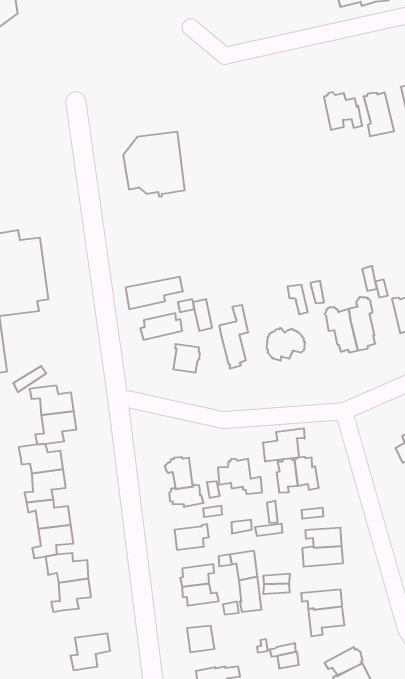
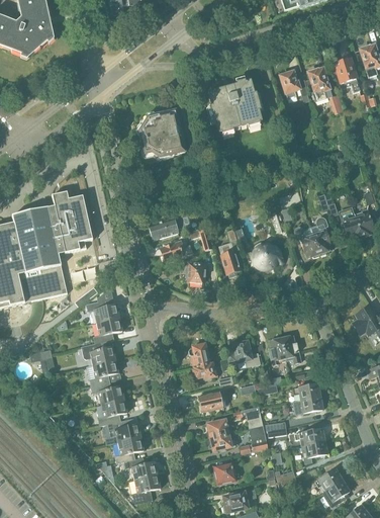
building: none -> [208,79,262,132]
building: [263,428,305,462] -> none
building: none -> [124,457,158,480]

